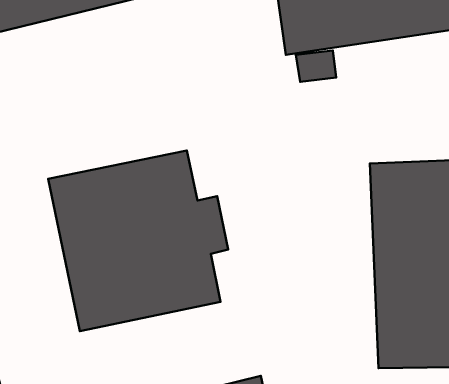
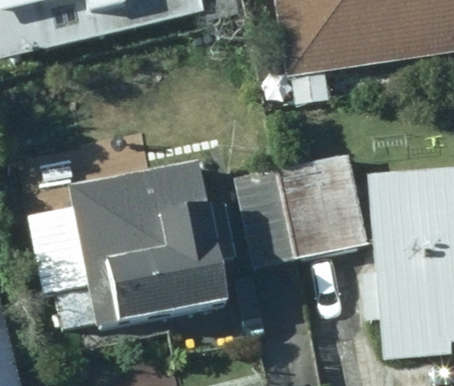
building: none -> [239,155,364,263]

